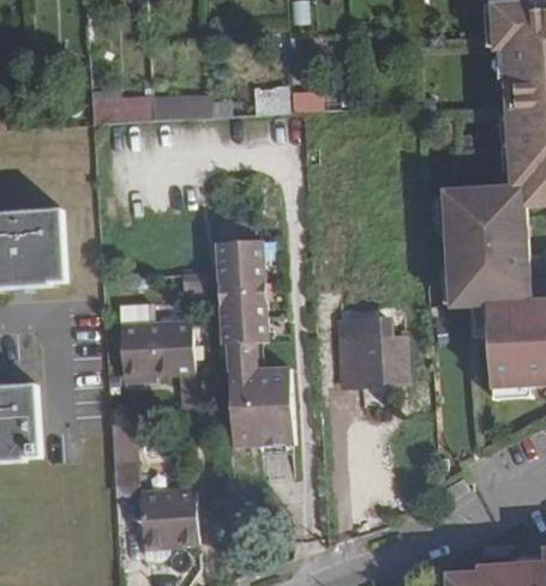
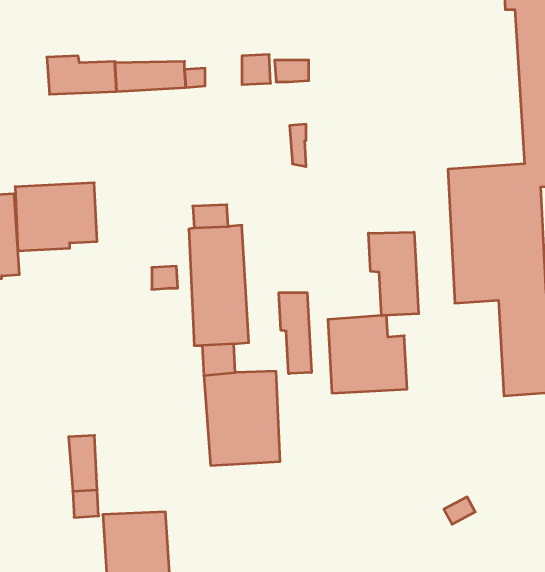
building: none -> [368,232,419,316]
building: none -> [279,293,311,374]
building: [121,320,193,380] -> [15,183,97,251]

